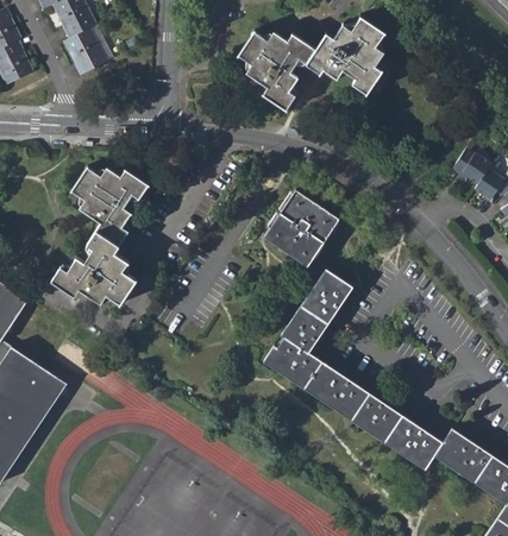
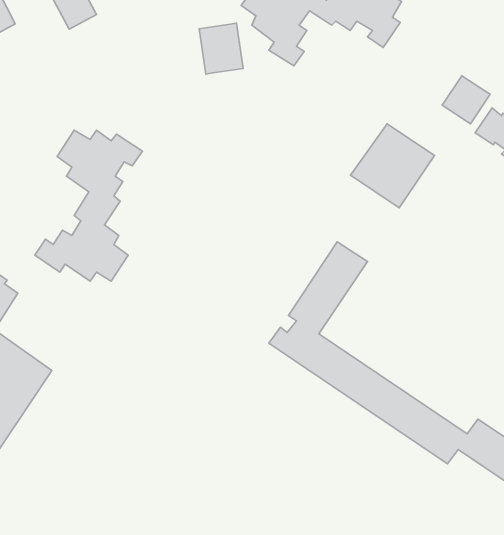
building: none -> [199,23,243,74]
building: none -> [442,76,490,124]
building: [263,190,339,266] -> [350,124,435,208]

